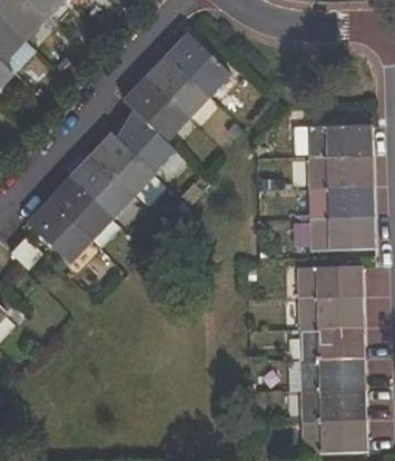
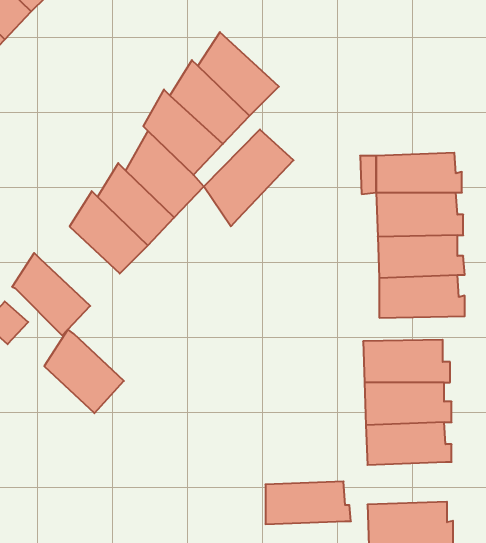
building: none -> [204,129,294,226]
building: [53,176,113,239] -> [44,329,124,413]
building: [300,357,365,390] -> [265,481,351,524]

